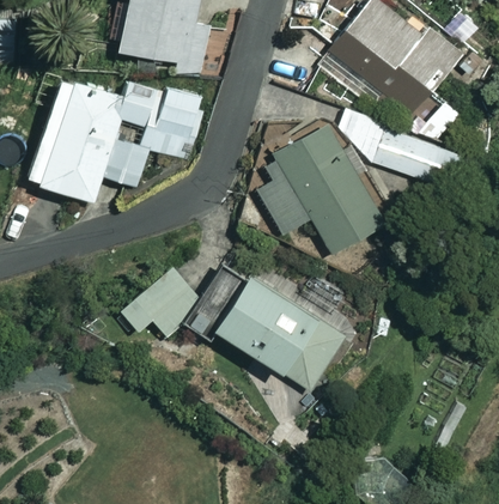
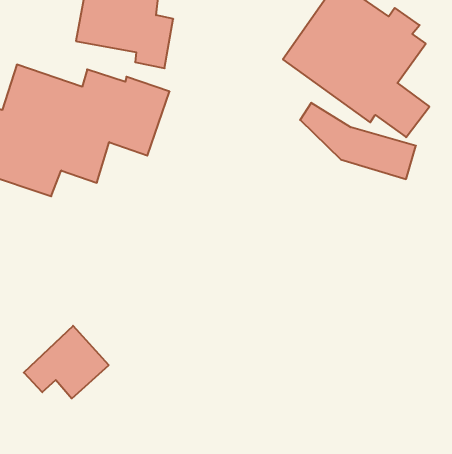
building: [252,121,388,255] -> none
building: [121,267,203,338] -> [24,326,109,398]
building: [211,268,347,389] -> none

